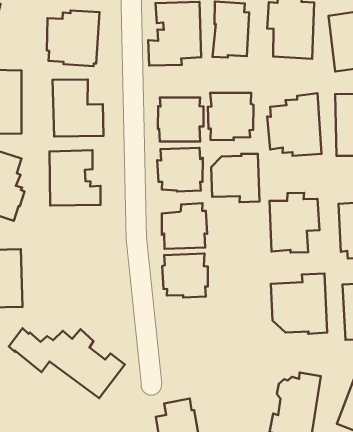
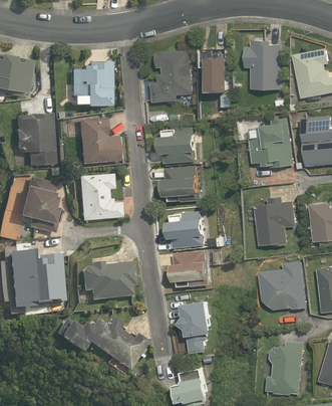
building: [208,93,254,140] -> none
building: [211,154,259,202] -> none
building: none -> [78,262,133,300]
building: none -> [179,298,212,353]

